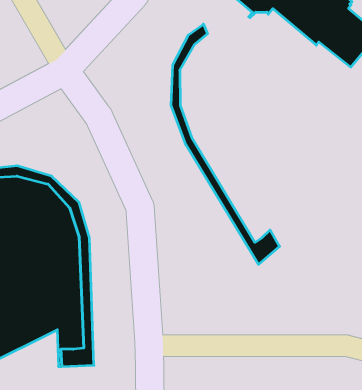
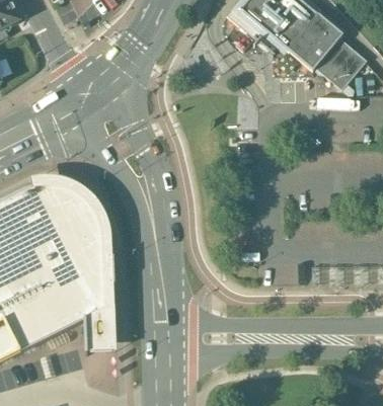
building: [171,24,280,264] -> none

